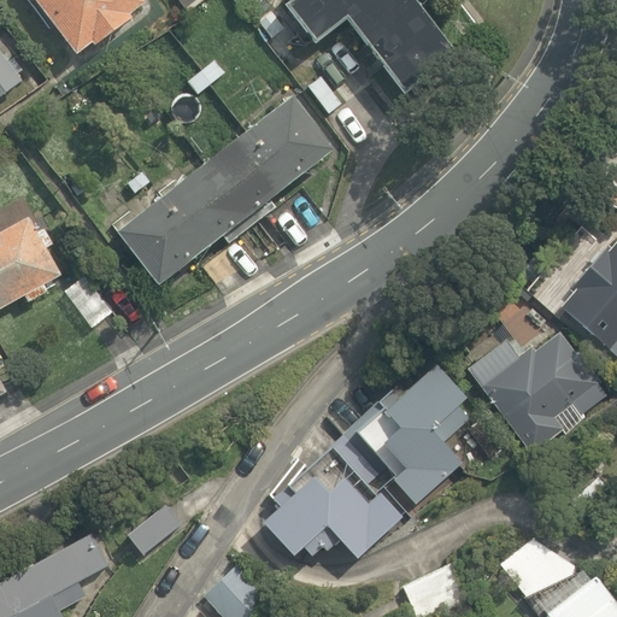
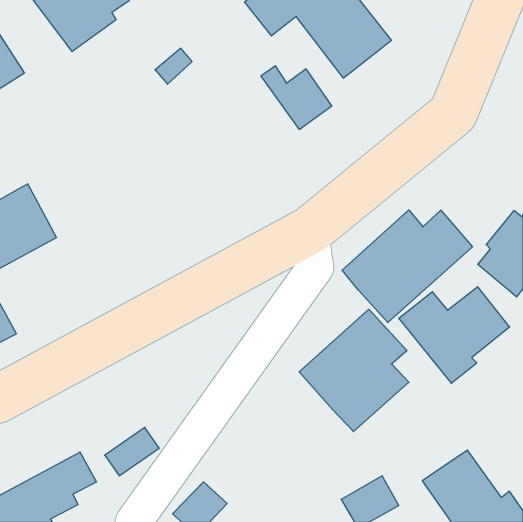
building: [112,94,335,287] -> none
building: none -> [342,210,472,323]
building: [266,428,402,563] -> none

